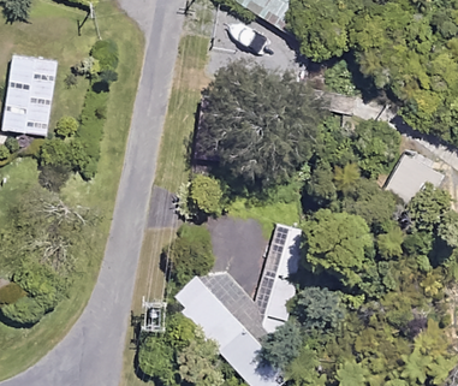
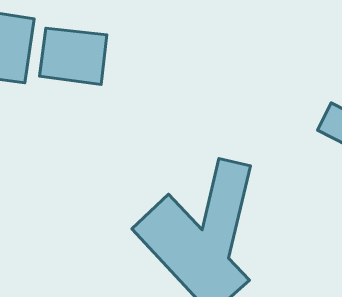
building: none -> [40,28,107,84]

